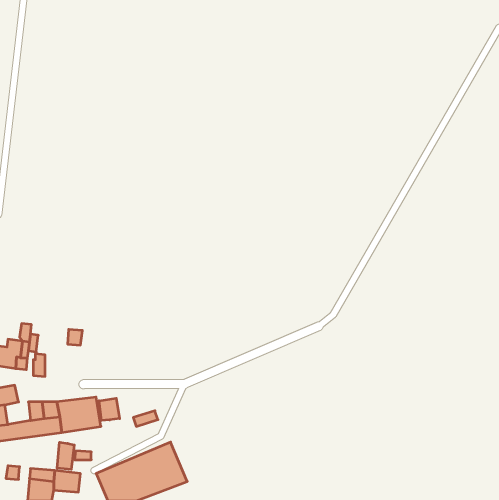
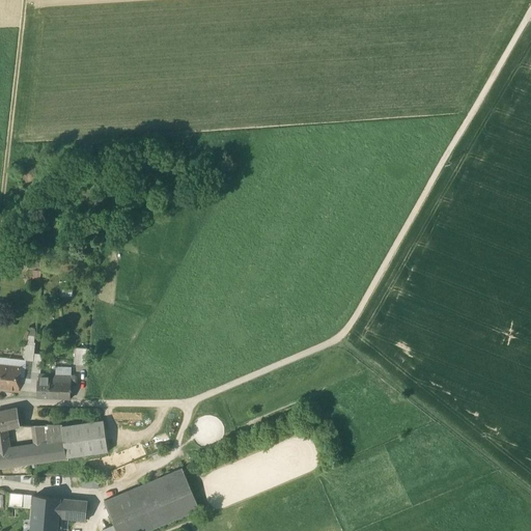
building: none -> [48,376,75,399]
building: [99,398,120,420] -> none
building: [57,442,74,469] -> none

